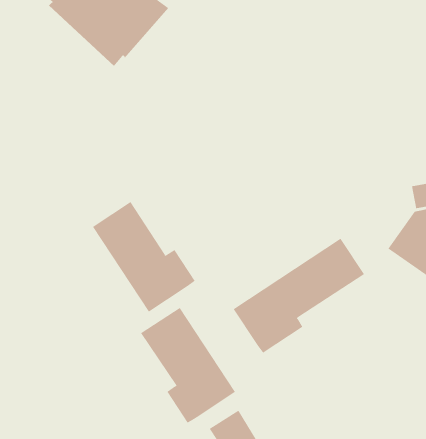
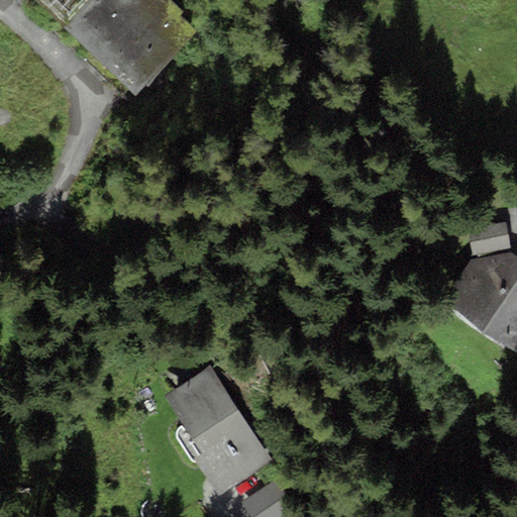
building: [92,201,196,313] -> none
building: [233,238,365,353] -> none

